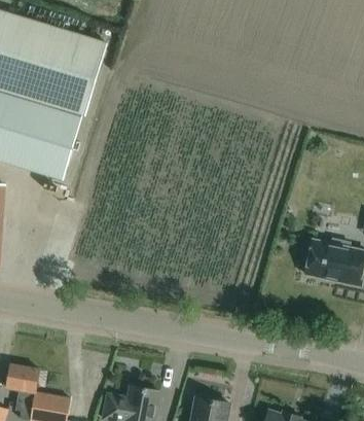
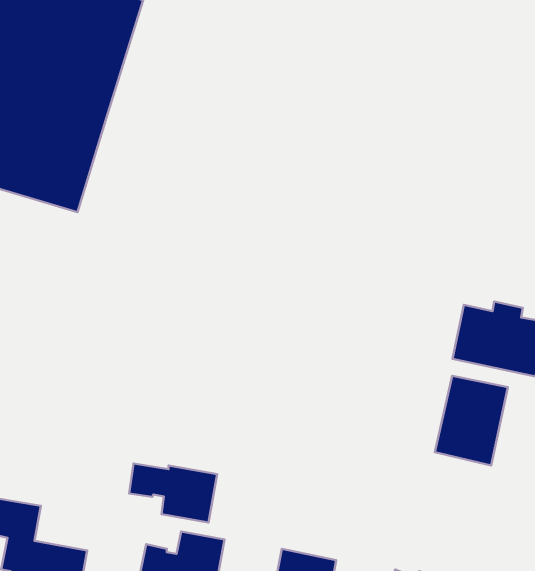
building: none -> [435,376,508,466]
building: none -> [129,464,217,523]

